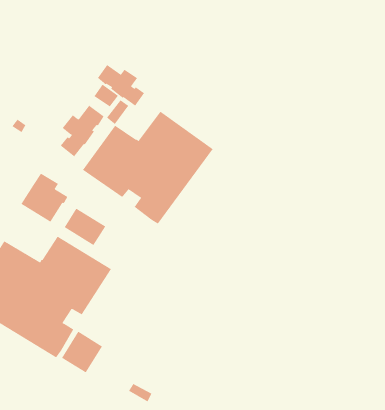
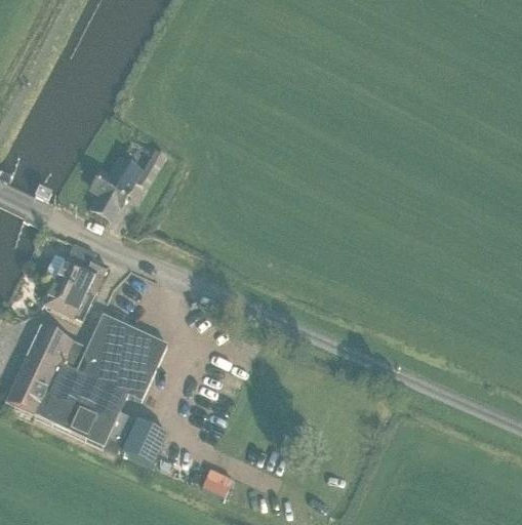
building: [97,64,145,106] -> none
building: [82,111,214,225] -> none
building: [64,208,106,246] -> [43,281,91,322]

